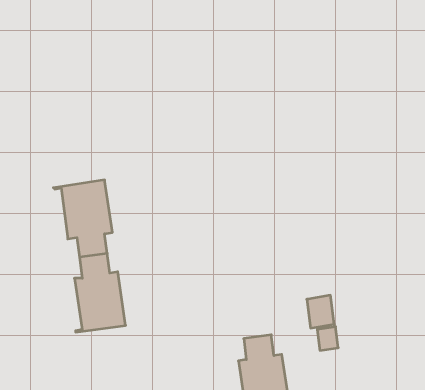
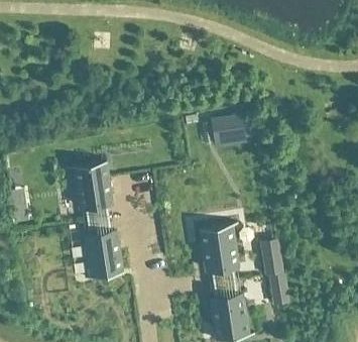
building: none -> [212,115,251,147]
building: none -> [200,223,240,283]

